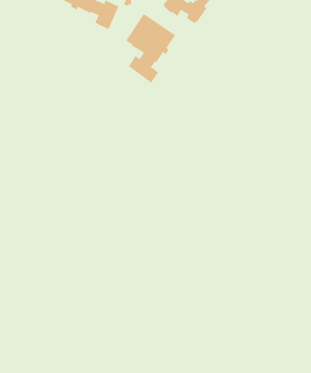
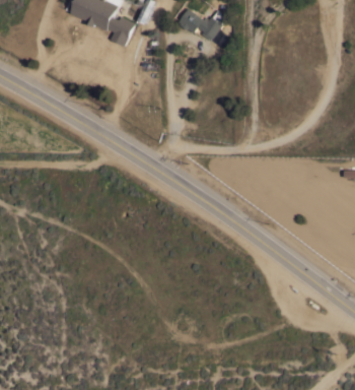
building: [125,13,176,84] -> none

